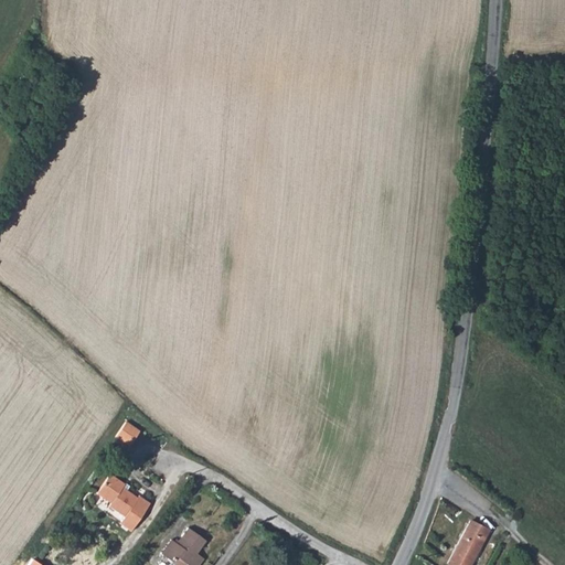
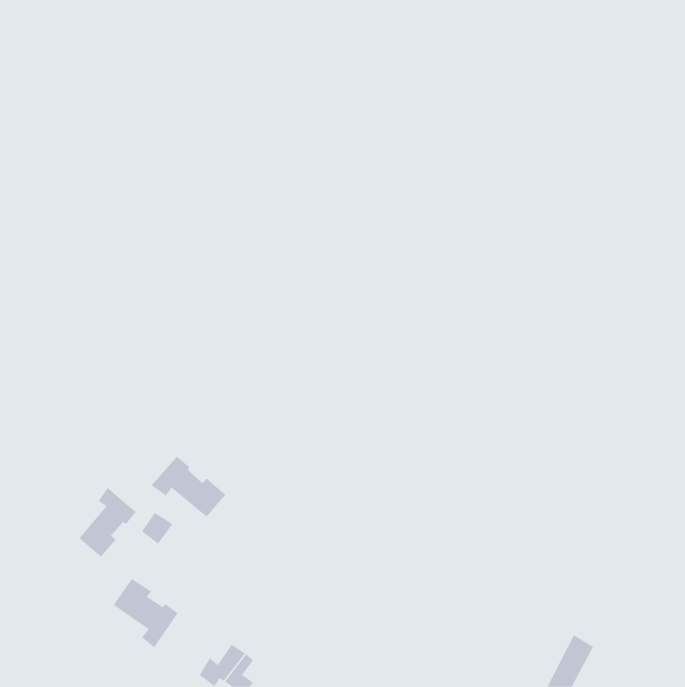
building: none -> [151,456,226,518]
building: none -> [79,487,137,557]

